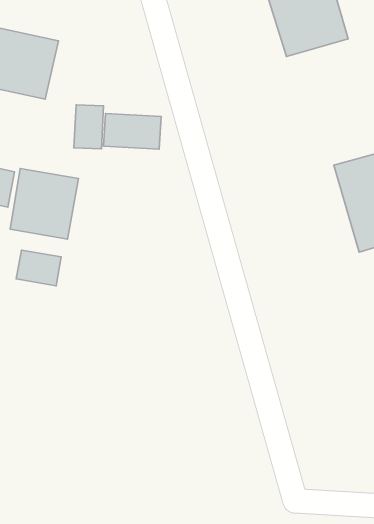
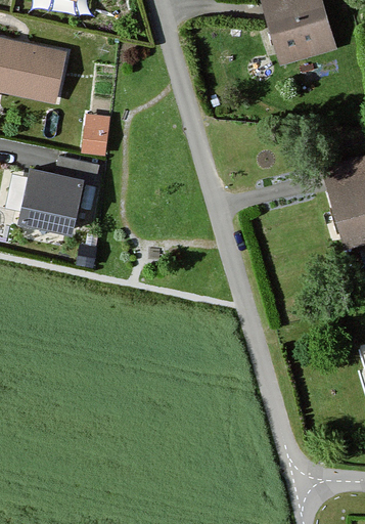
building: [103,113,161,149] -> none
building: [16,250,61,286] -> none

